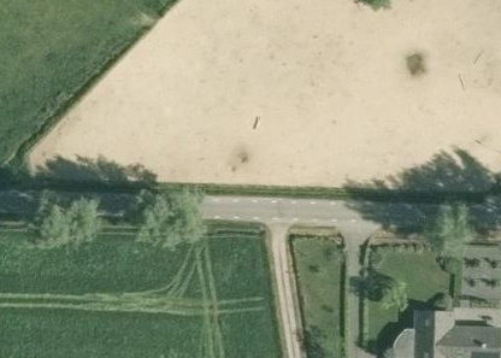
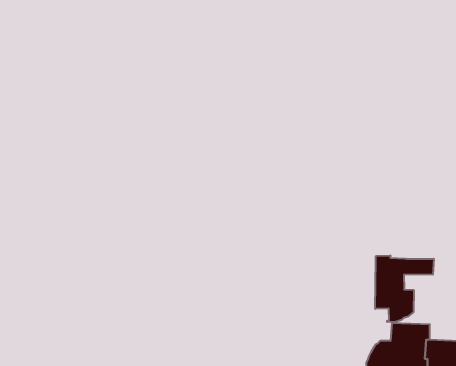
building: none -> [375,255,434,322]

